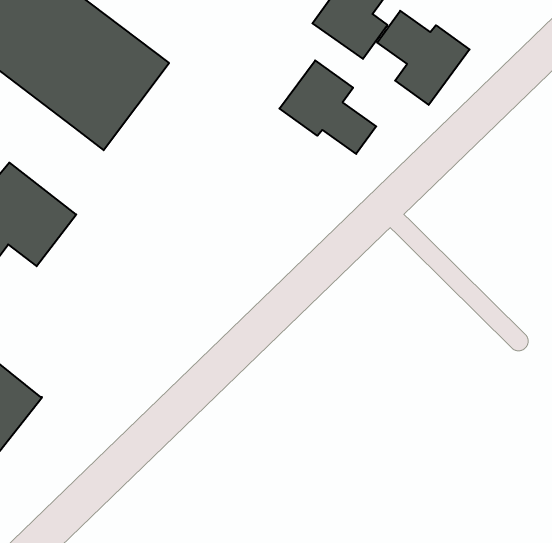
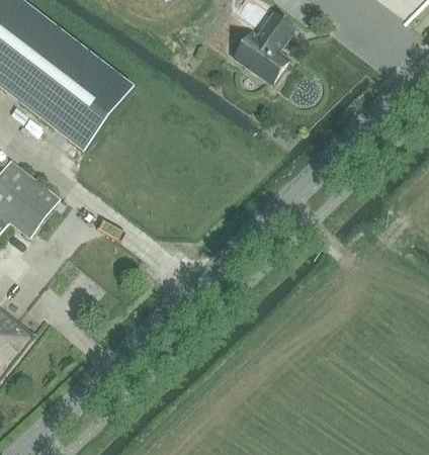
building: [377,11,470,105] -> none
building: [279,60,376,154] -> none

